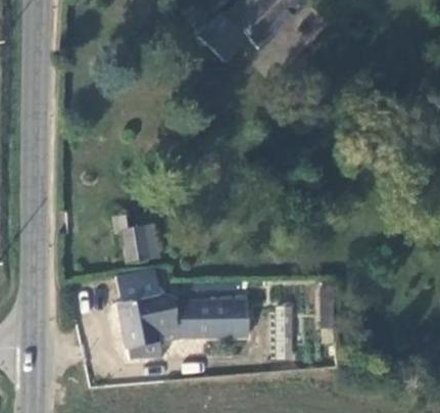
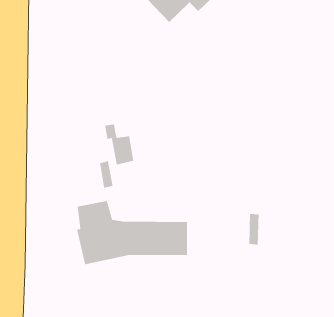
building: [112,213,148,263] -> [104,124,134,165]

